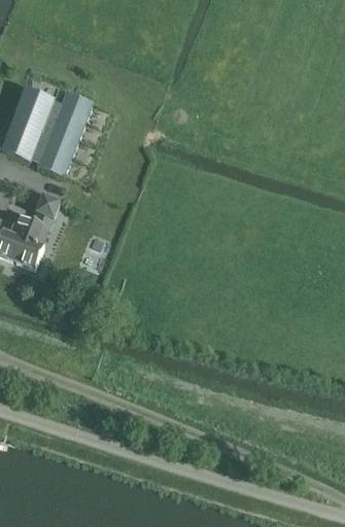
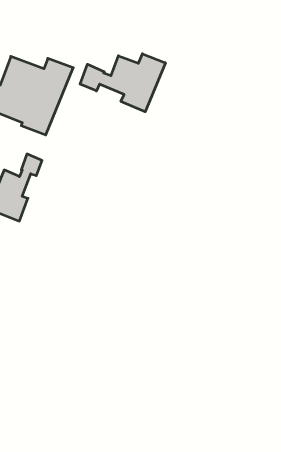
building: none -> [80,54,165,112]

